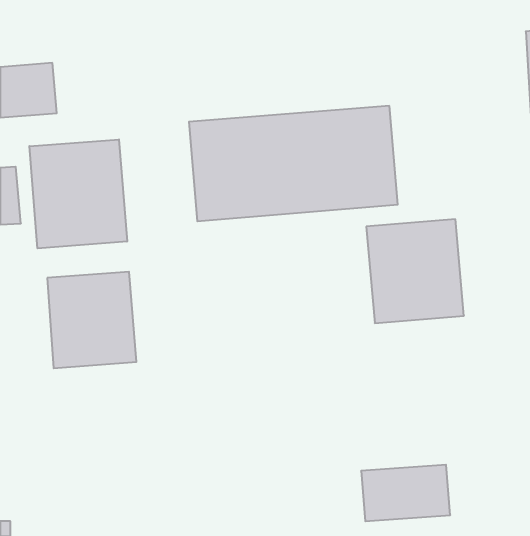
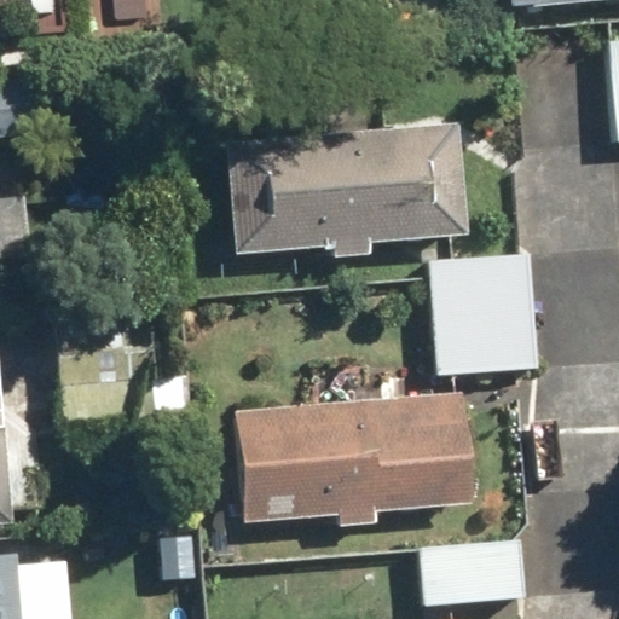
building: [29,139,127,248] -> none
building: none -> [232,397,470,522]

